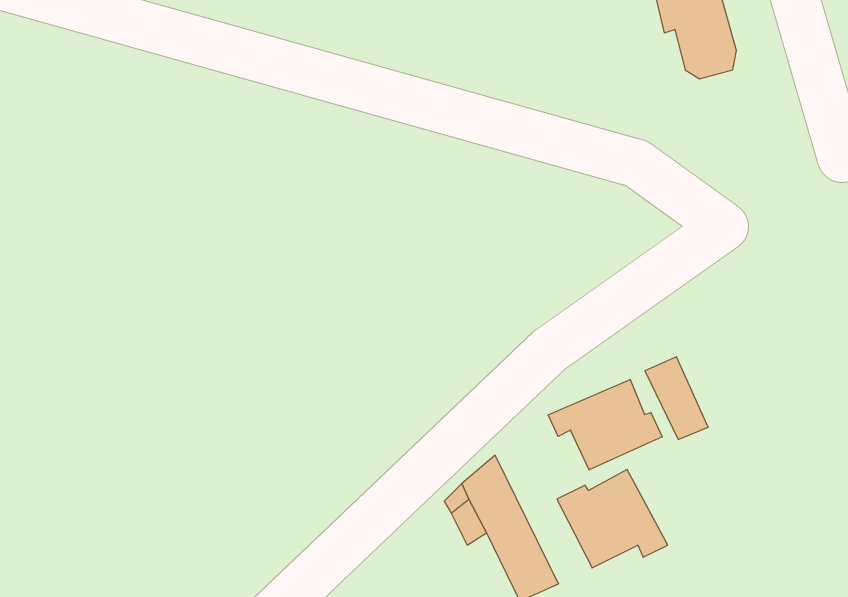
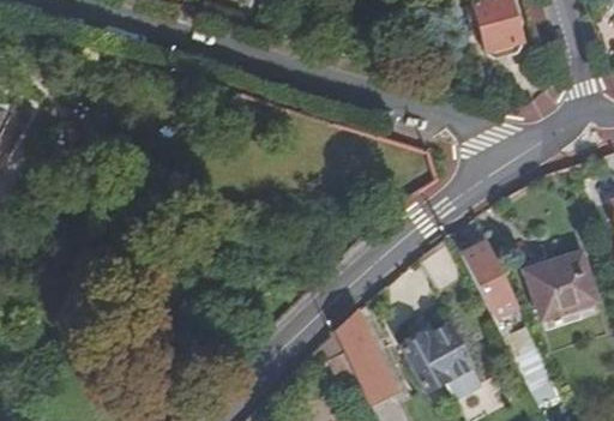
building: none -> [524,254,594,319]
building: [548,379,662,470] -> none

